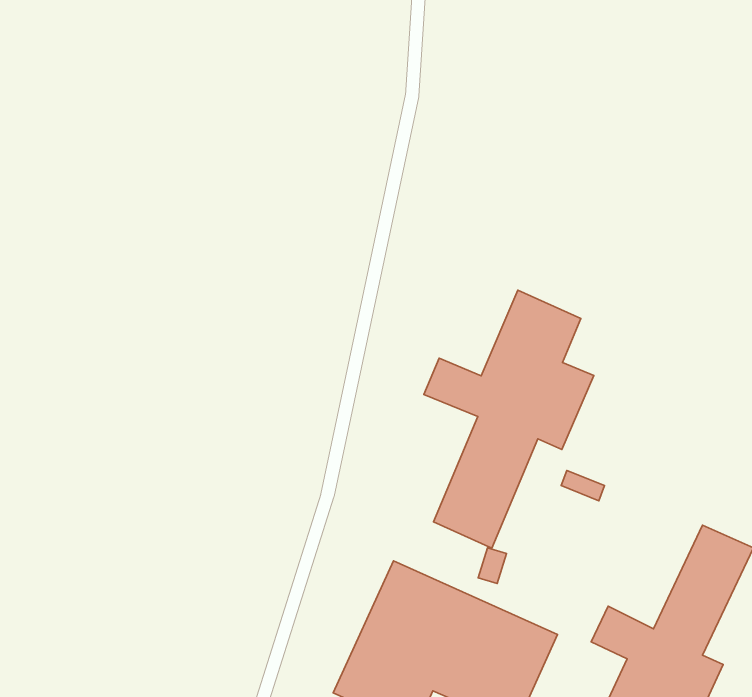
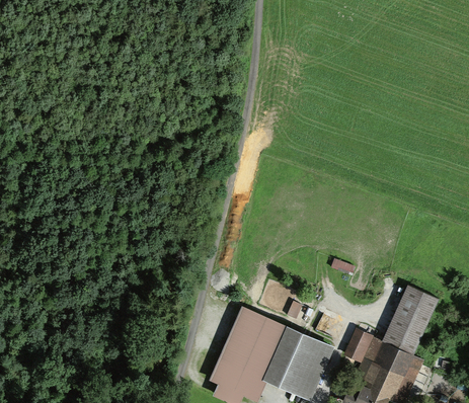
building: [424,290,594,548] -> none

